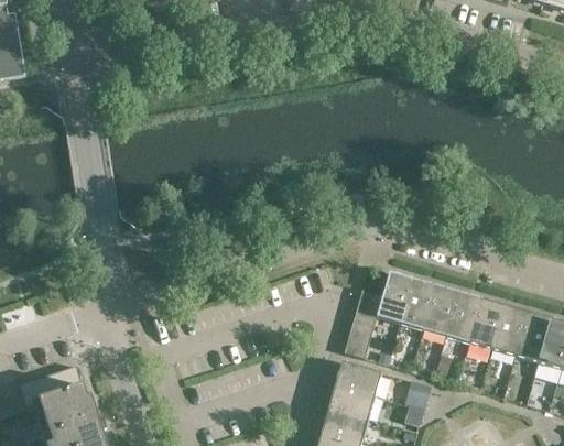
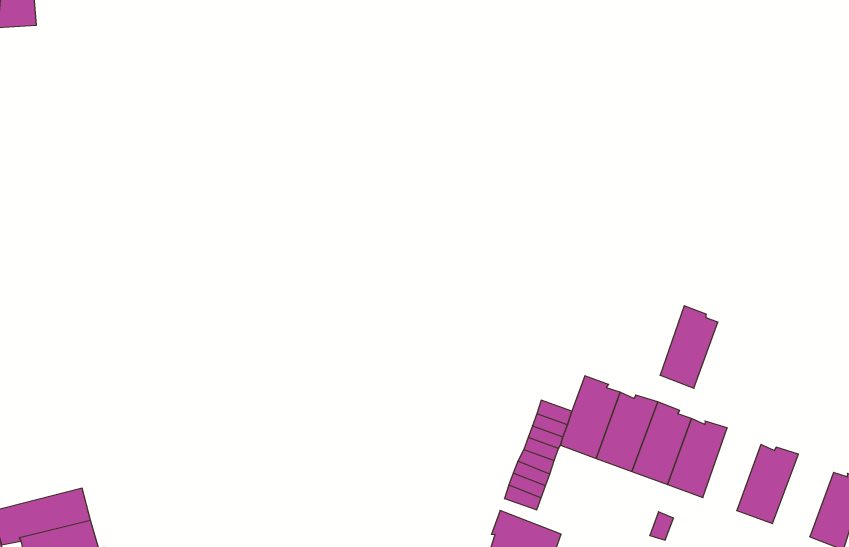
building: [468,296,502,348] -> [660,306,718,388]
building: [513,309,550,361] -> none

